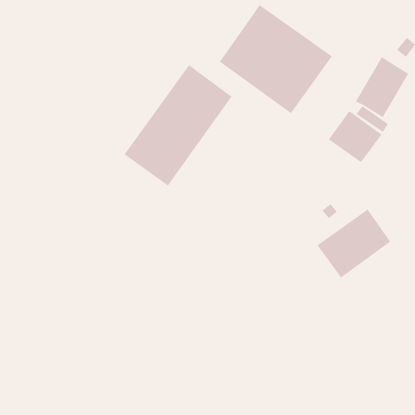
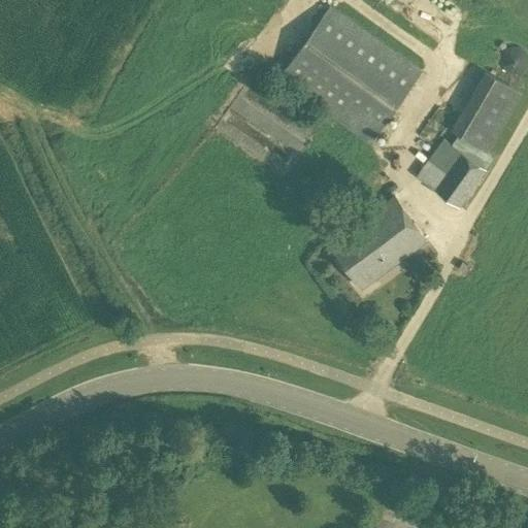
building: [124,64,233,187] -> none
building: [316,209,391,279] -> [331,197,426,286]

